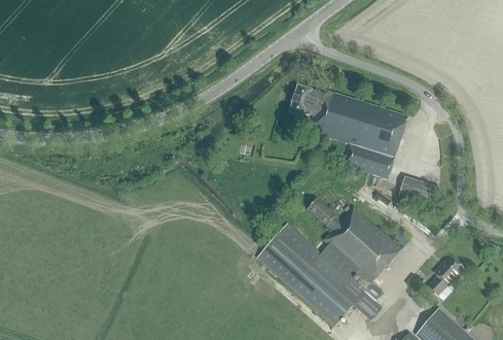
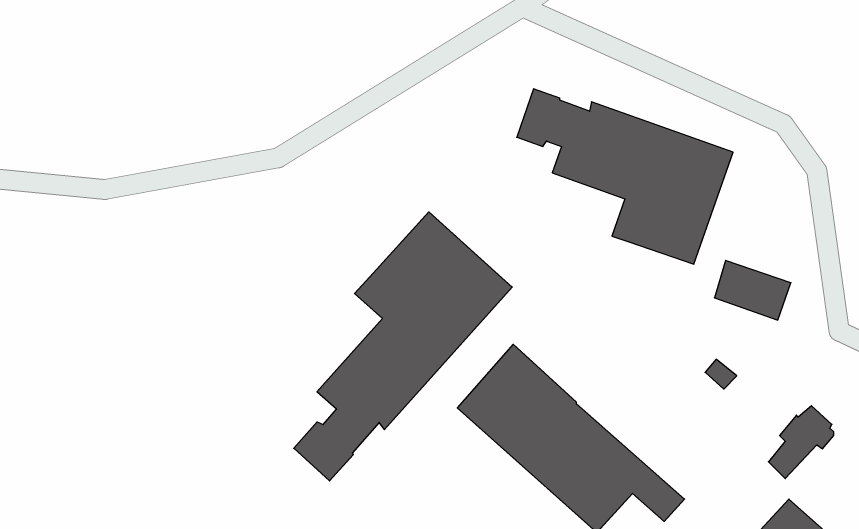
building: none -> [294,212,512,481]
building: [306,196,398,288] -> none

